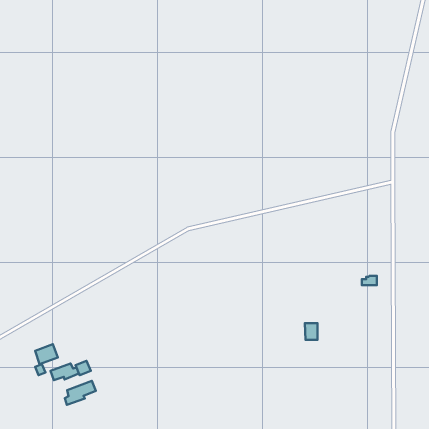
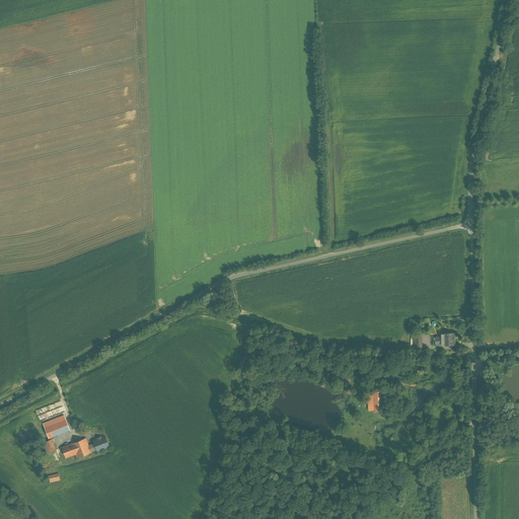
building: [65,381,96,405] -> none

